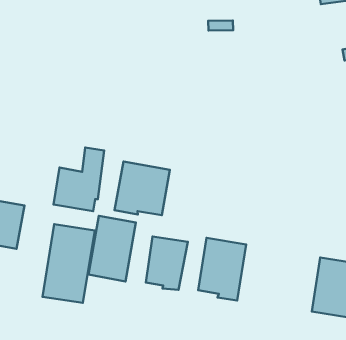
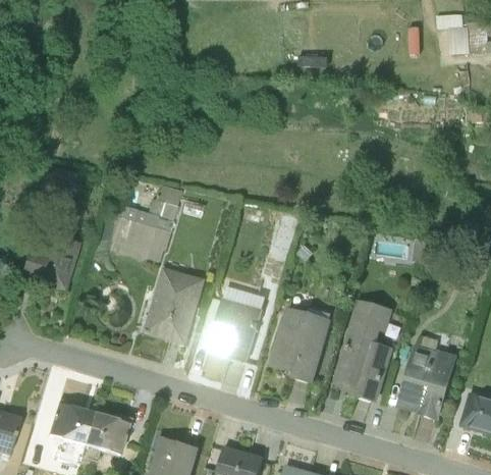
building: [115,162,170,215] -> none
building: none -> [333,299,392,403]
building: [42,224,95,303] -> none

